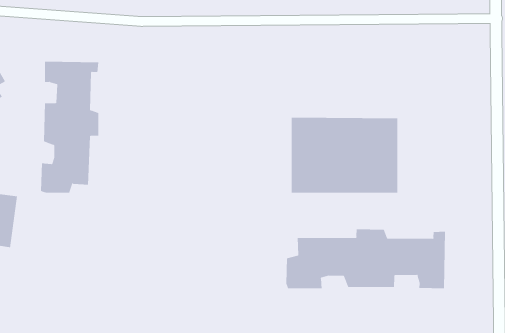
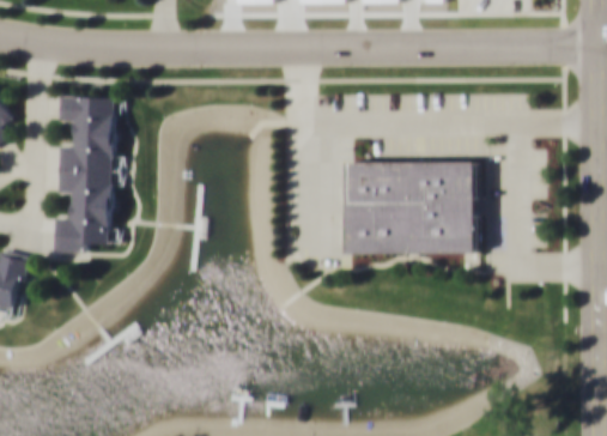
building: [286,228,445,289] -> none

